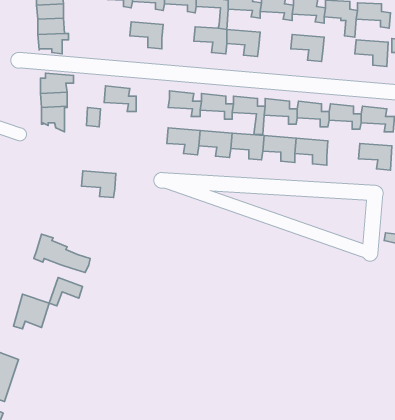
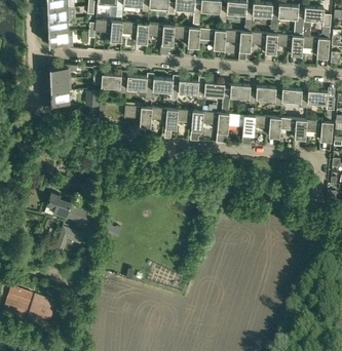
building: none -> [96,21,123,42]
building: none -> [148,25,175,46]
building: none -> [226,31,253,52]
building: none -> [277,35,304,56]
building: none -> [127,76,154,100]
building: none -> [280,118,307,140]
building: [81,171,116,198] -> [125,106,153,127]
building: [14,294,49,329] -> [28,295,56,322]

